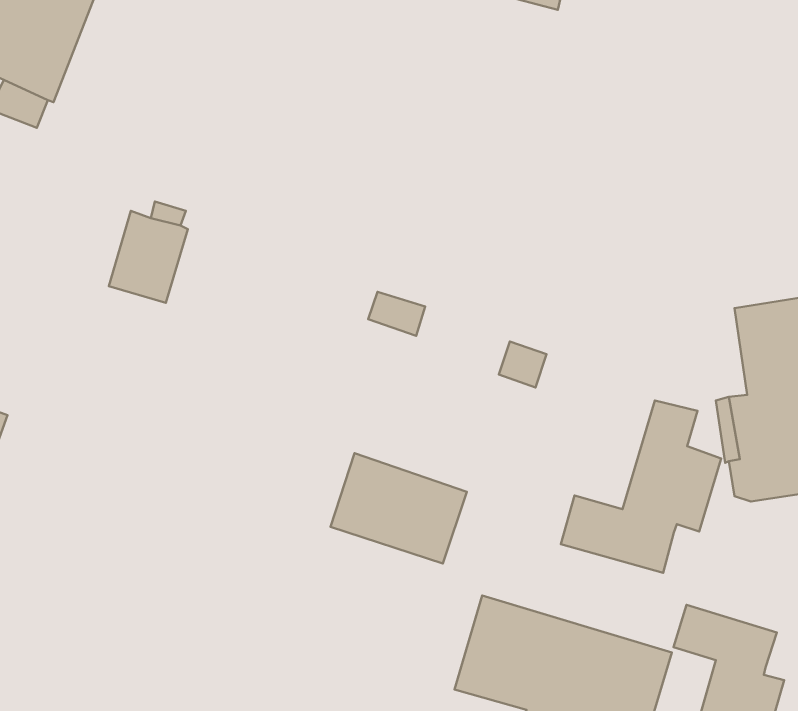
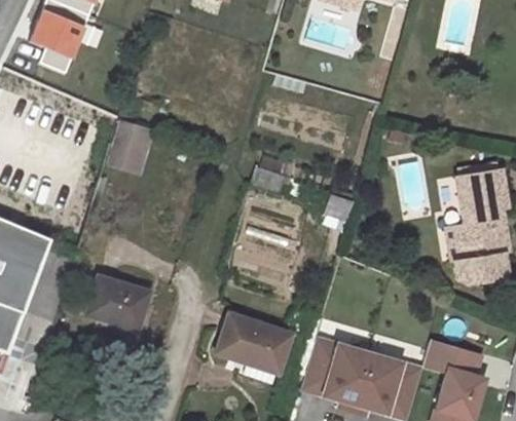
building: [561,401,721,573] -> none
building: [331,453,467,564] -> [215,311,291,373]
building: none -> [84,274,149,331]

